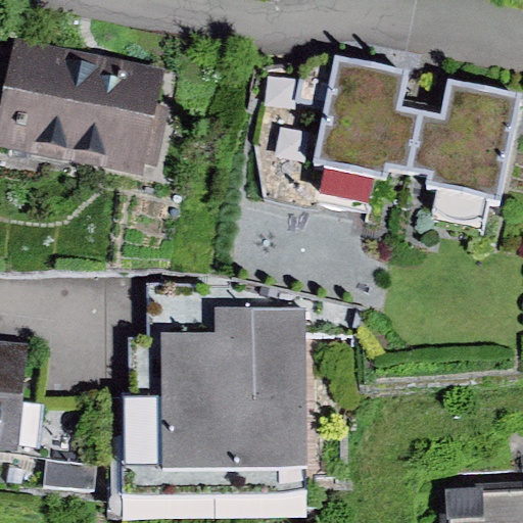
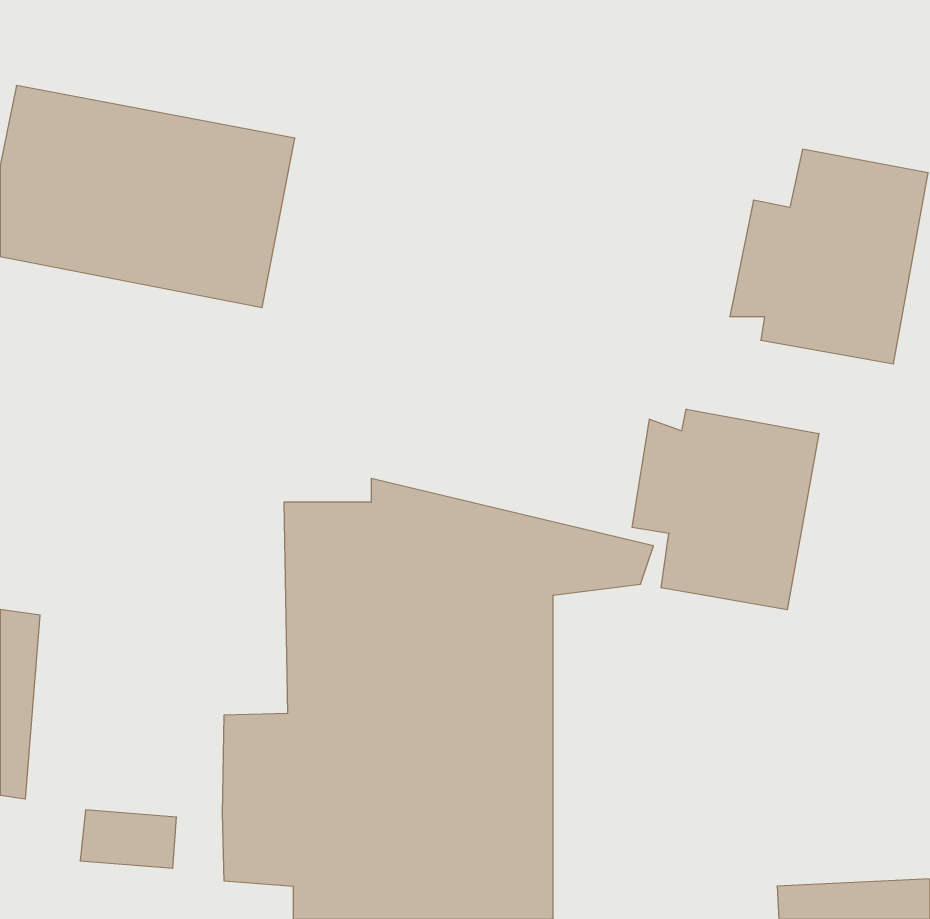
building: [297,58,423,185] -> none
building: none -> [632,409,819,610]

